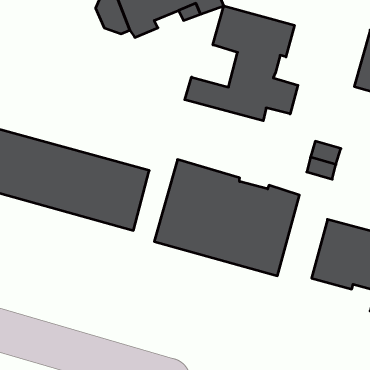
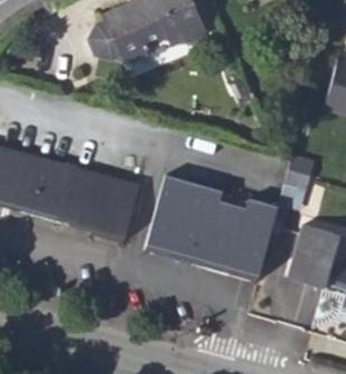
building: [185,6,298,121] -> none

